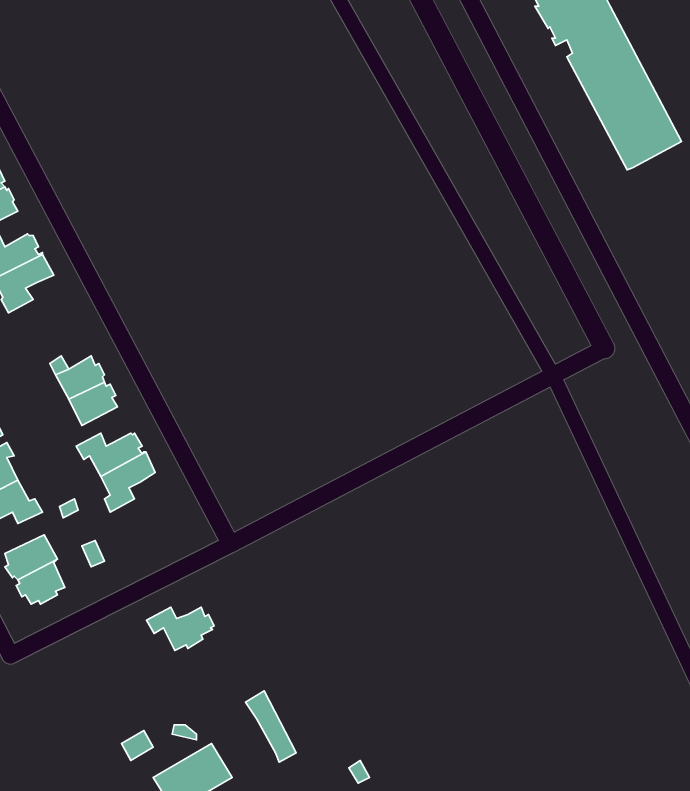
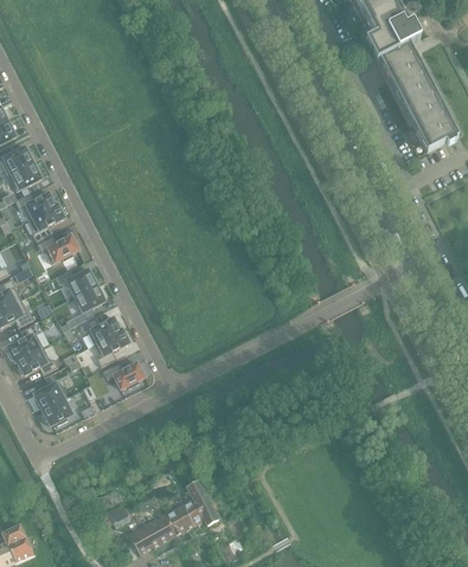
building: none -> [37,234,79,262]
building: [147,607,214,650] -> [102,361,145,388]
building: none -> [164,496,204,533]

